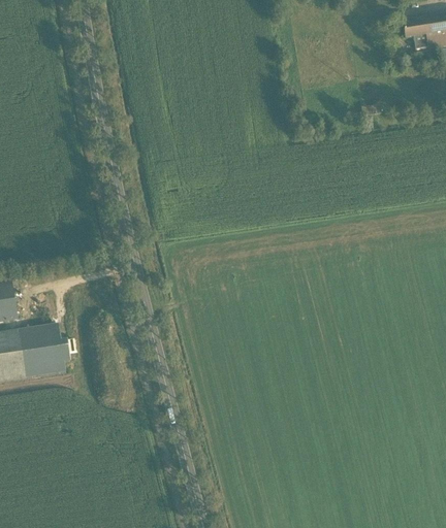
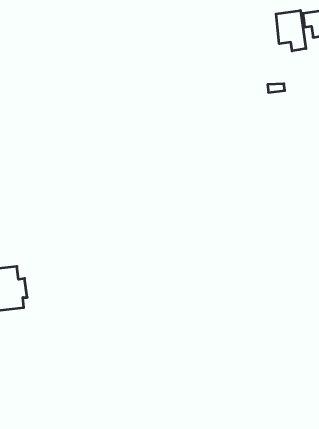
building: none -> [276,10,306,51]

